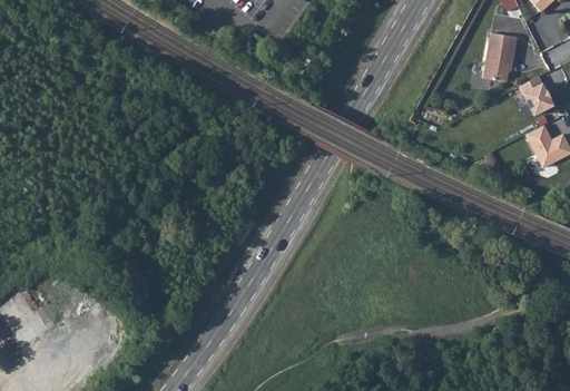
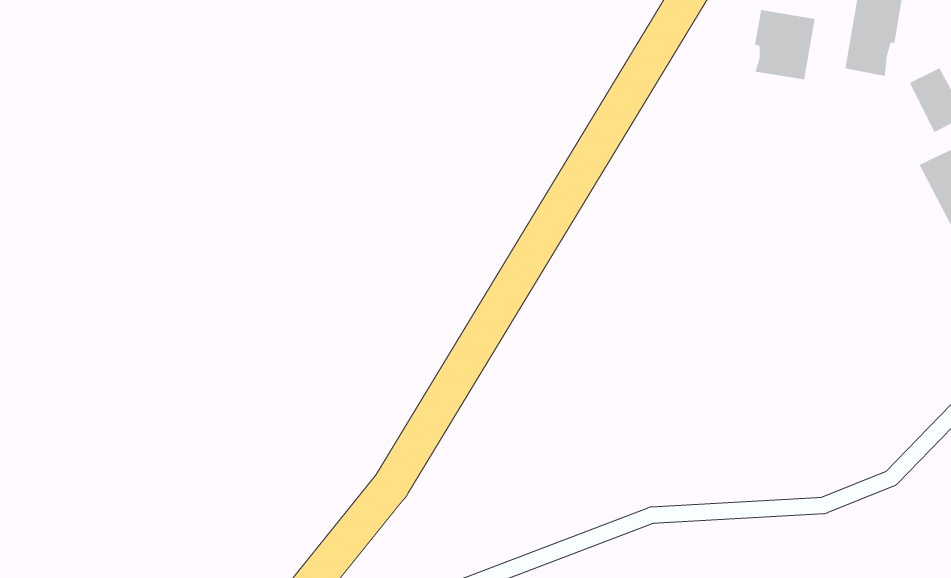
building: none -> [754,9,815,80]

